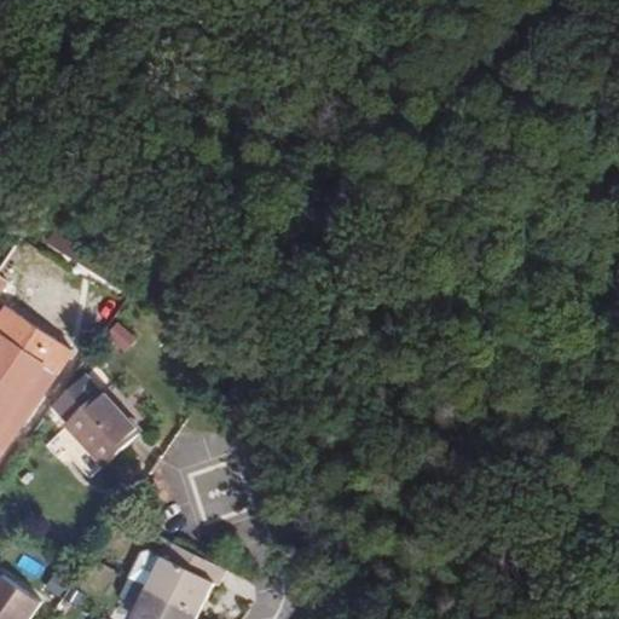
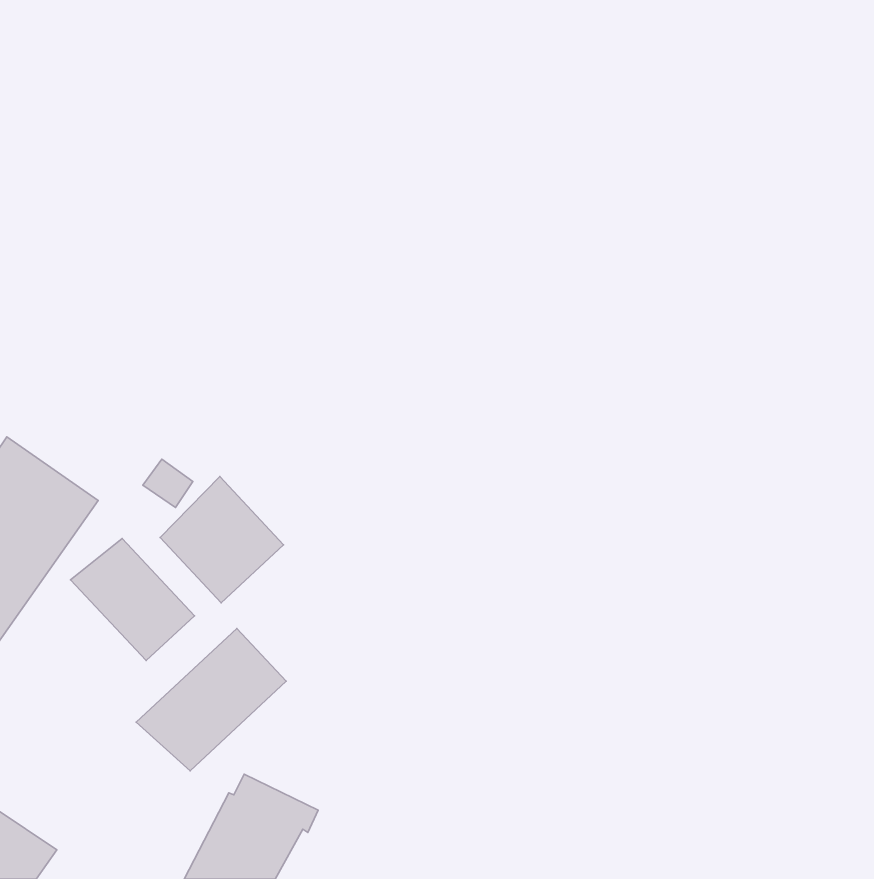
building: none -> [160,476,283,603]
building: none -> [136,628,286,771]

